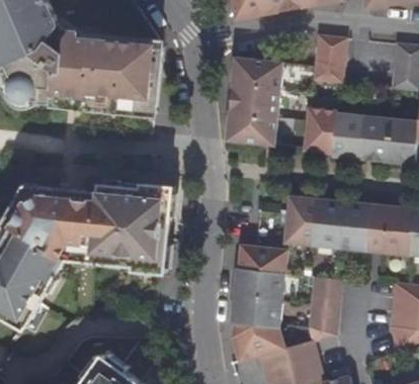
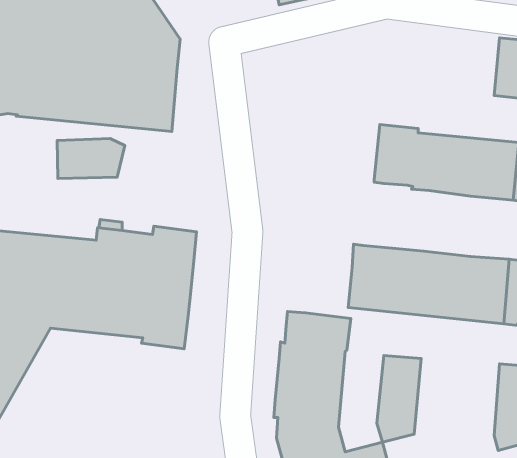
building: [313,35,344,81] -> none
building: [226,58,281,145] -> none
building: none -> [57,138,125,179]

